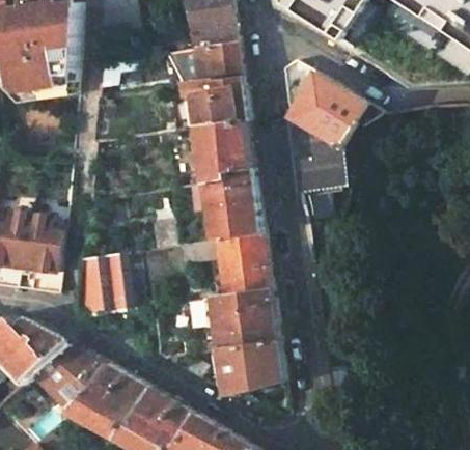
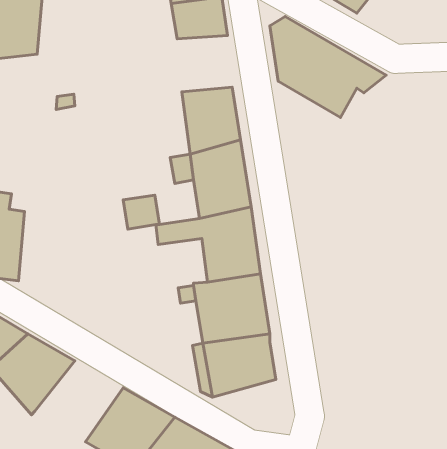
building: [182,76,246,125] -> none
building: [283,116,341,217] -> none
building: [73,250,131,315] -> none
building: [68,363,146,434] -> none

